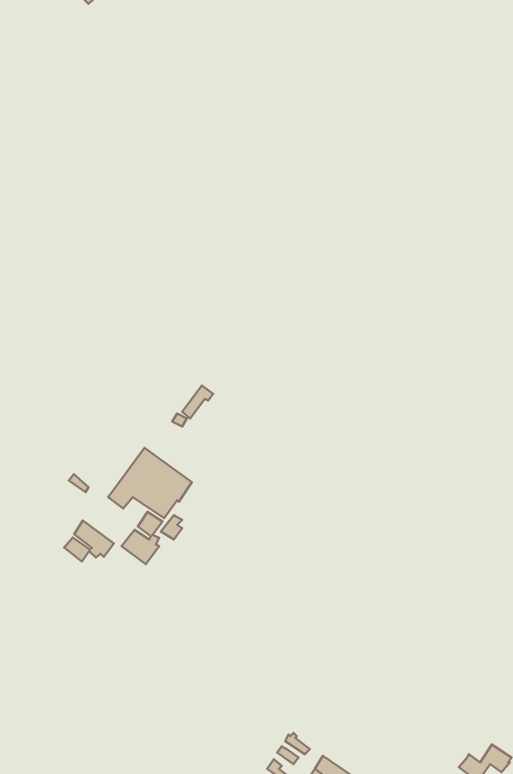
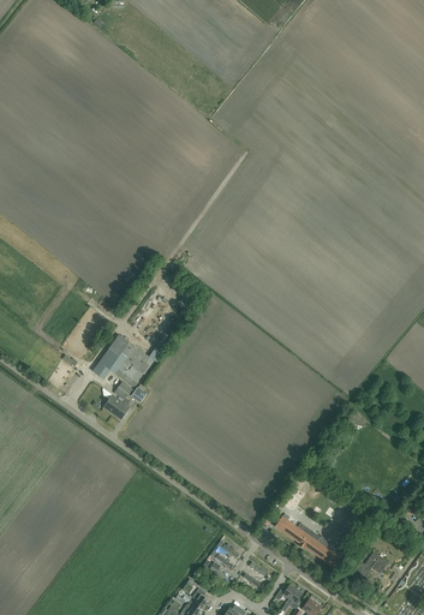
building: [64,521,114,561] -> none
building: none -> [274,514,341,566]

